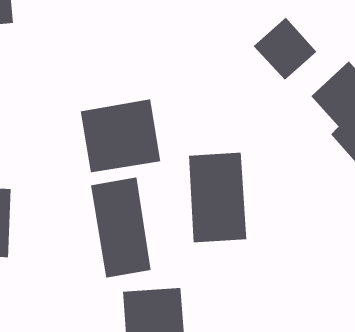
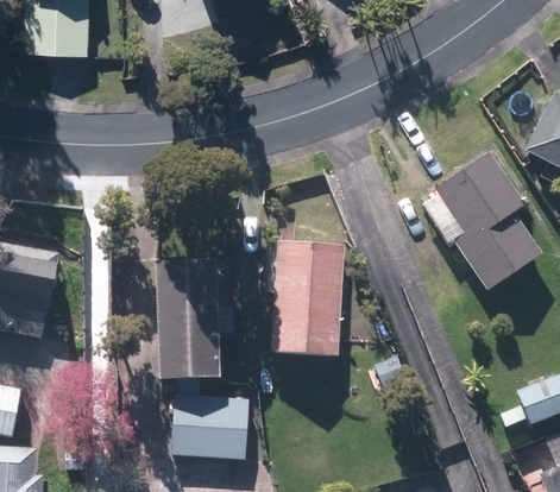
building: [253,17,317,81] -> none
building: [80,99,161,173] -> none

